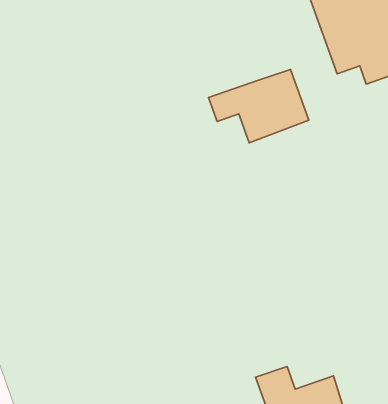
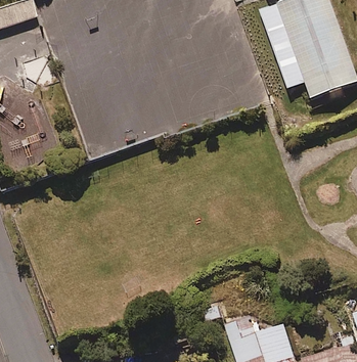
building: [208,69,309,143] -> none

